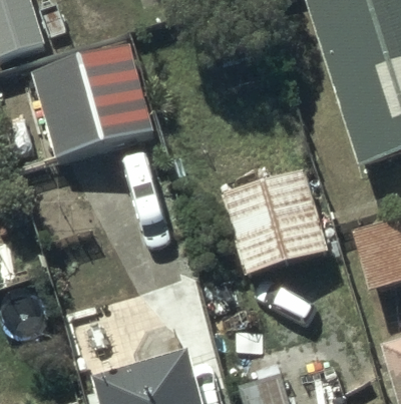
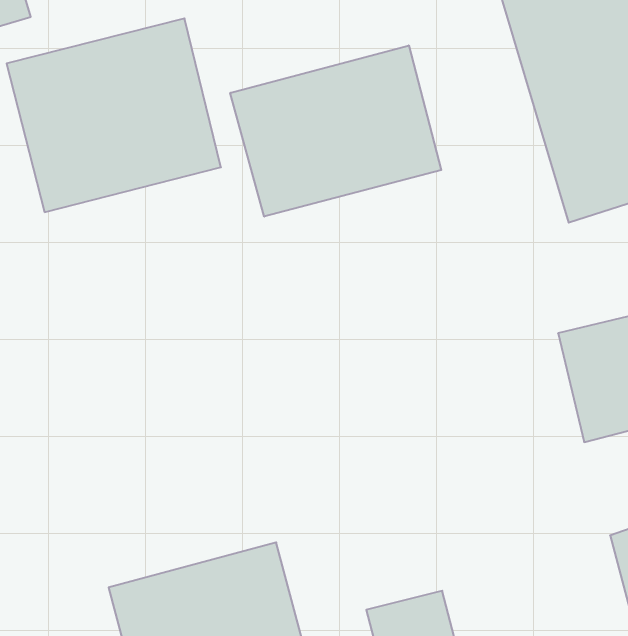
building: none -> [230,45,441,217]
building: [224,167,329,273] -> none

